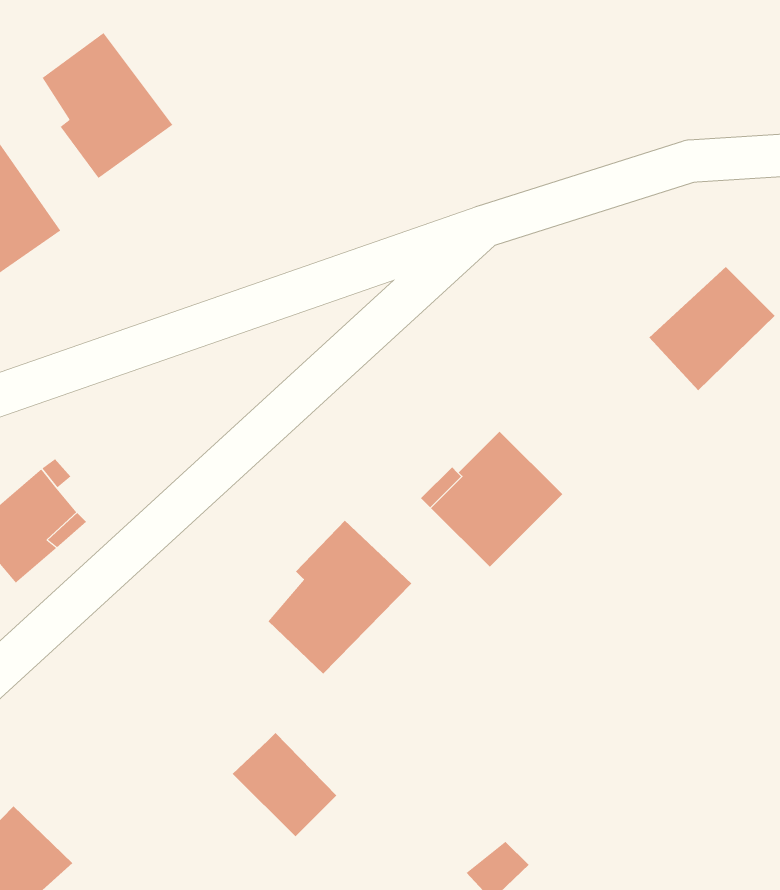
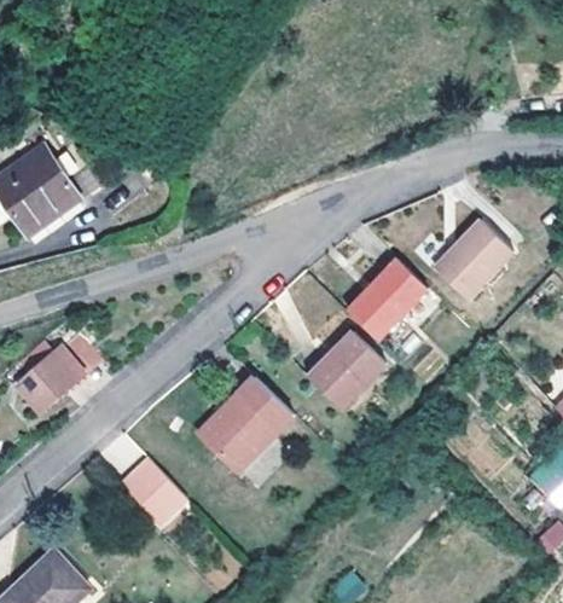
building: [42,32,173,179] -> none
building: none -> [346,254,429,334]
building: [232,732,337,837] -> [122,460,186,524]

